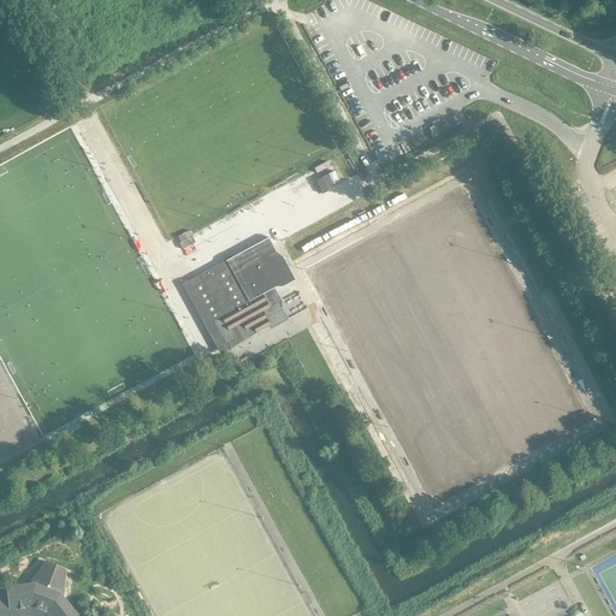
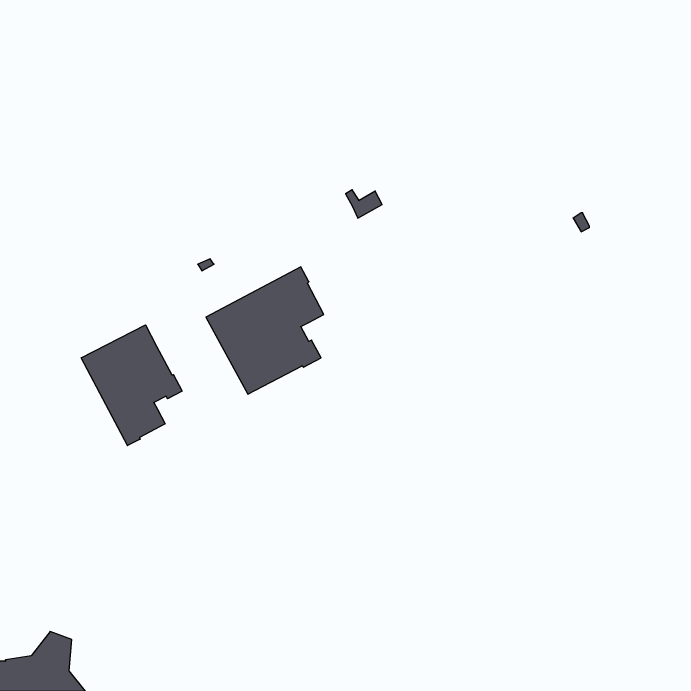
building: none -> [81,325,182,446]

